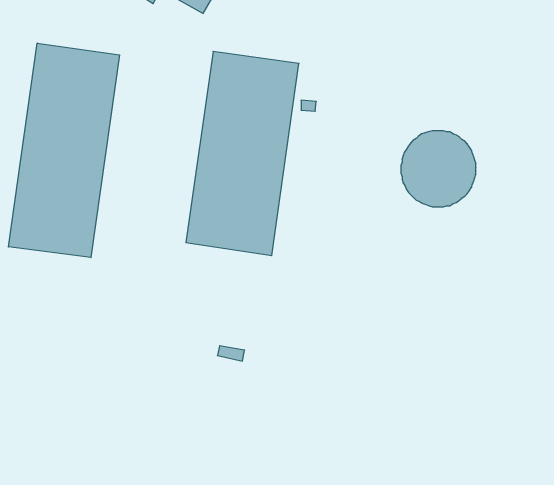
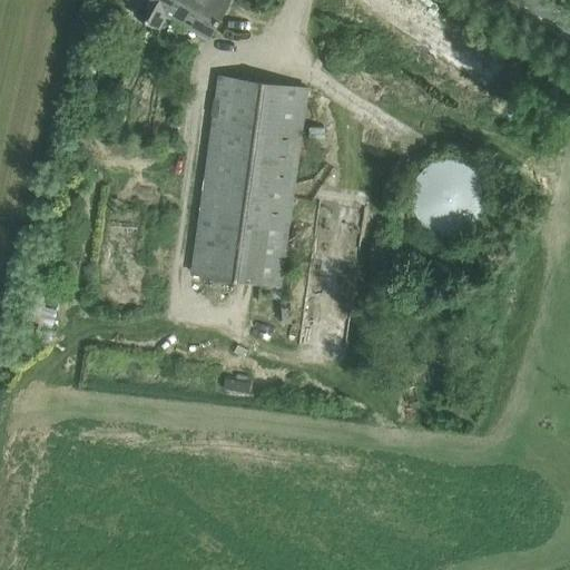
building: [8,43,119,258] -> none

